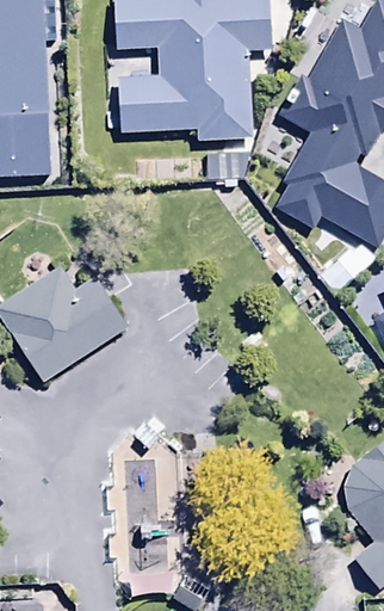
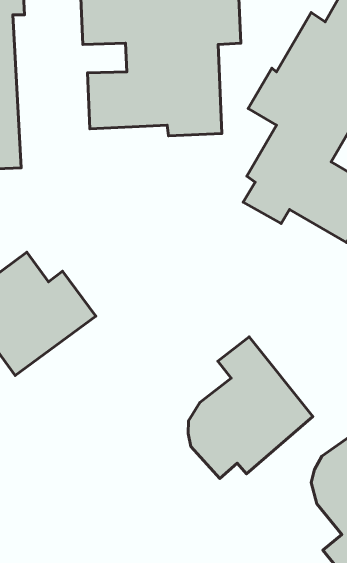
building: none -> [188,337,313,479]

